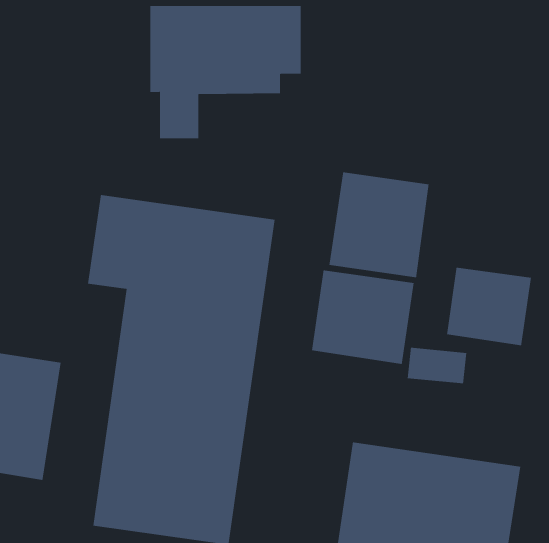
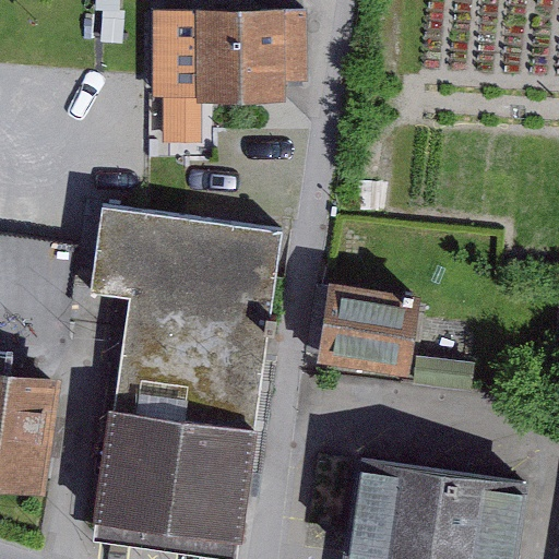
building: [329,172,429,278] -> none
building: [446,267,532,346] -> none

